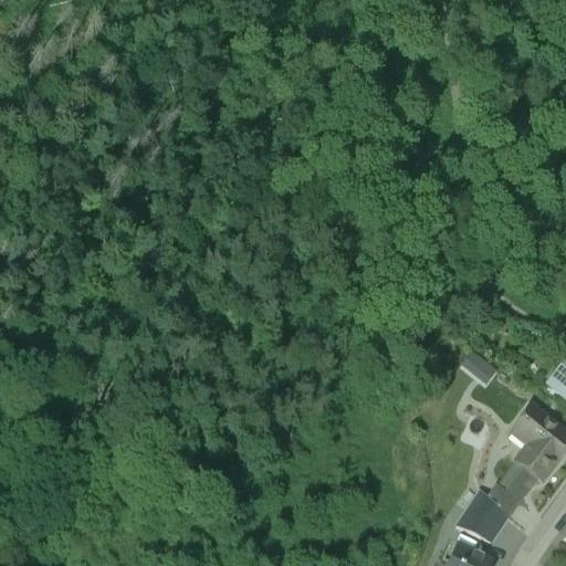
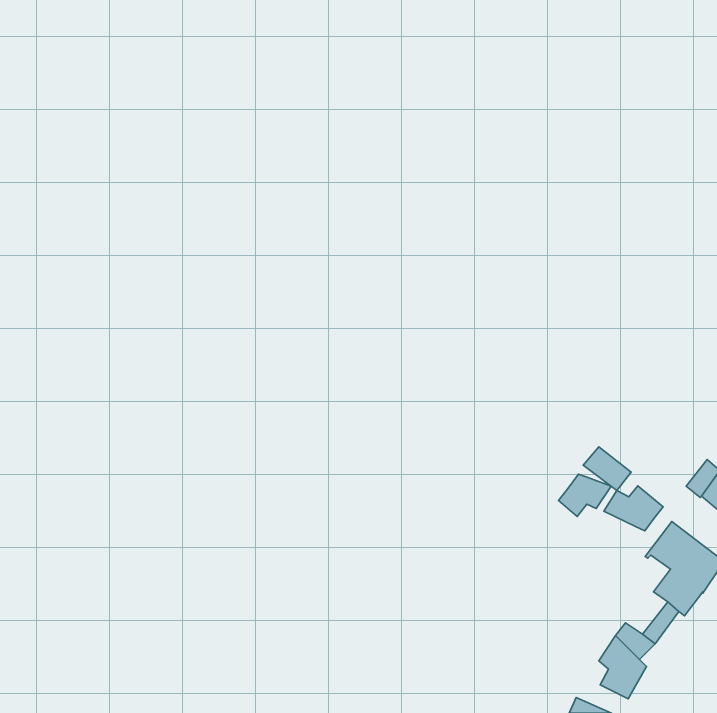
building: none -> [558,474,611,517]
building: none -> [604,486,663,531]

